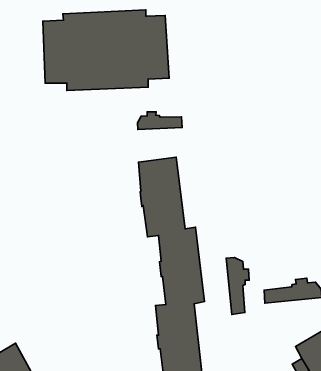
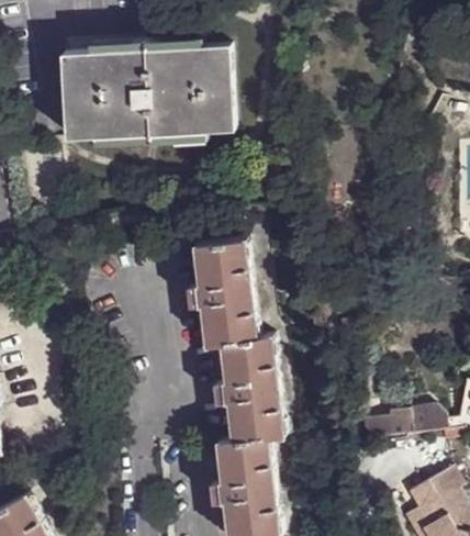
building: [138,112,182,130] -> none
building: [226,257,249,314] -> none

